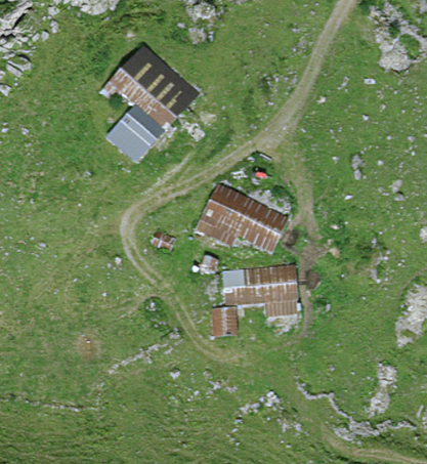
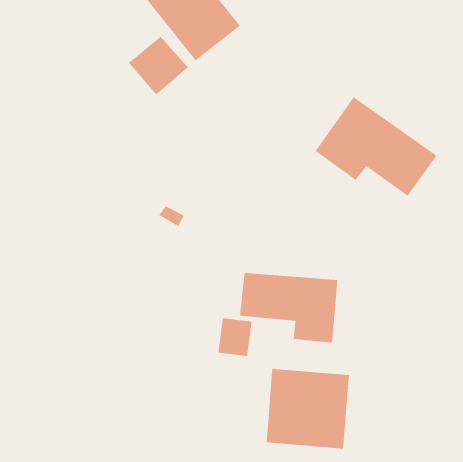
building: [197,185,287,252] -> [315,96,437,197]
building: none -> [266,368,350,449]

